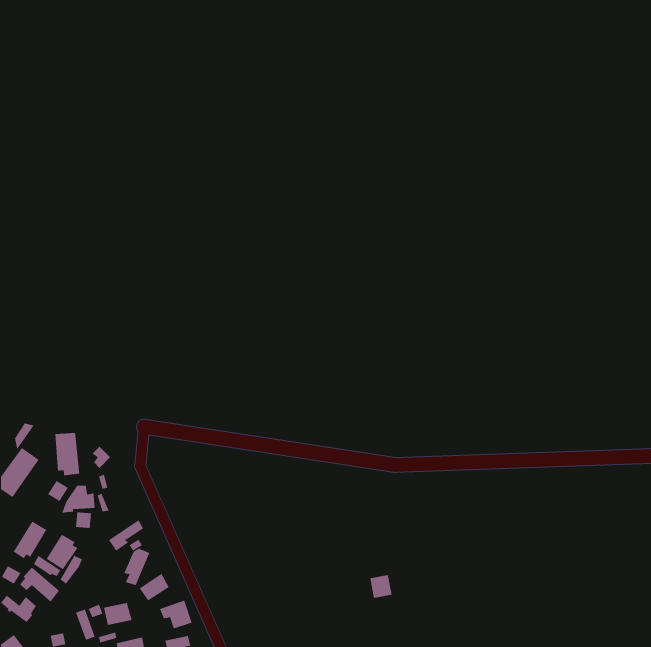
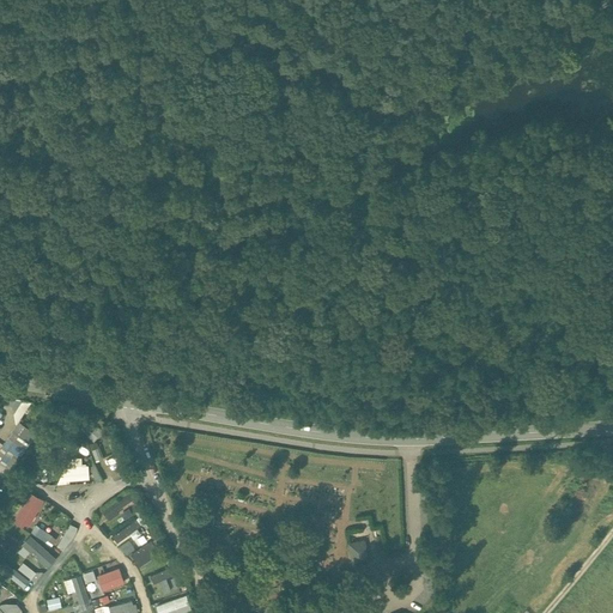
building: [55,432,80,476] -> none
building: [46,534,78,570] -> none

